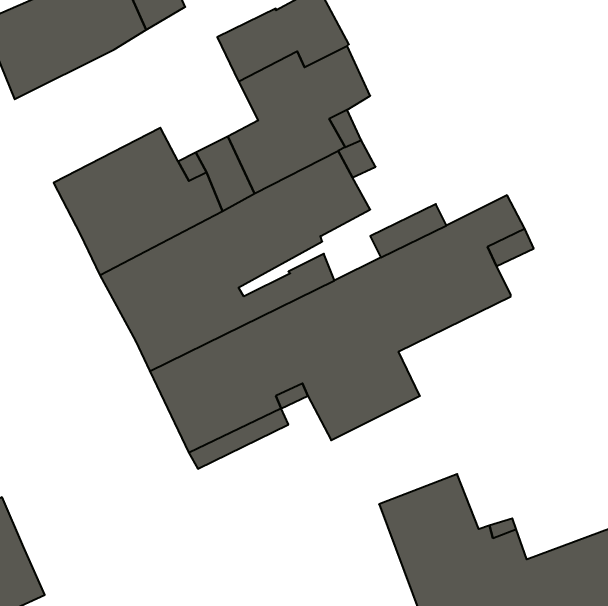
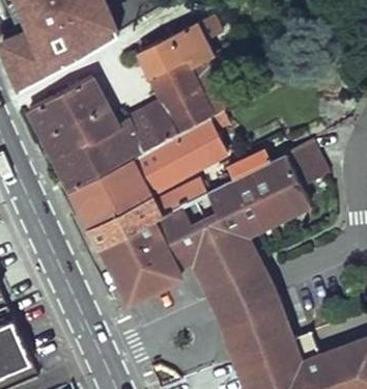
building: none -> [27,78,104,137]
building: none -> [203,261,277,328]

